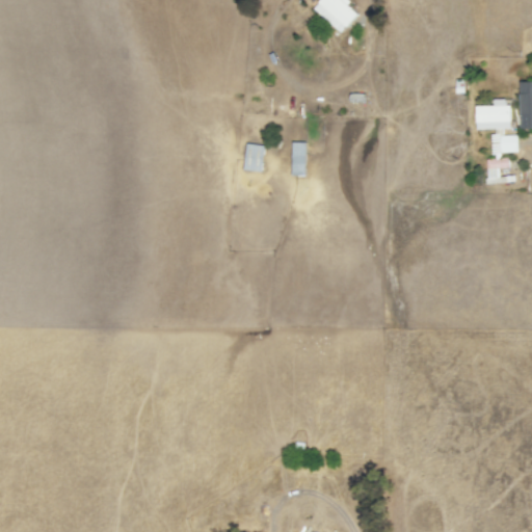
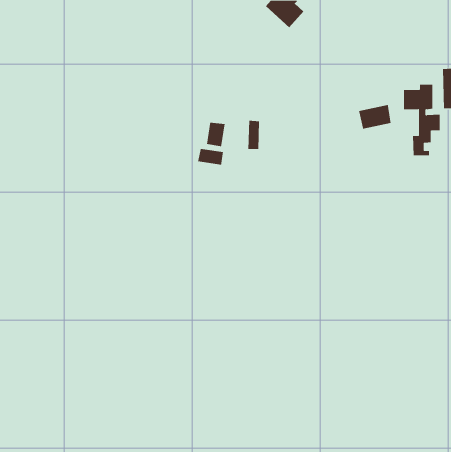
building: none -> [359,104,391,130]
building: none -> [198,148,224,166]

